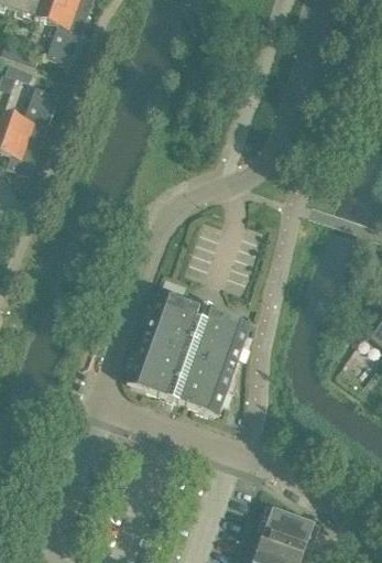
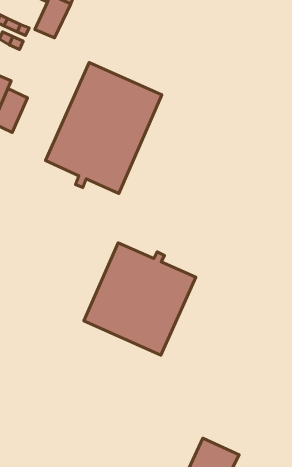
building: [19,85,57,134] -> none
building: none -> [46,63,162,193]

